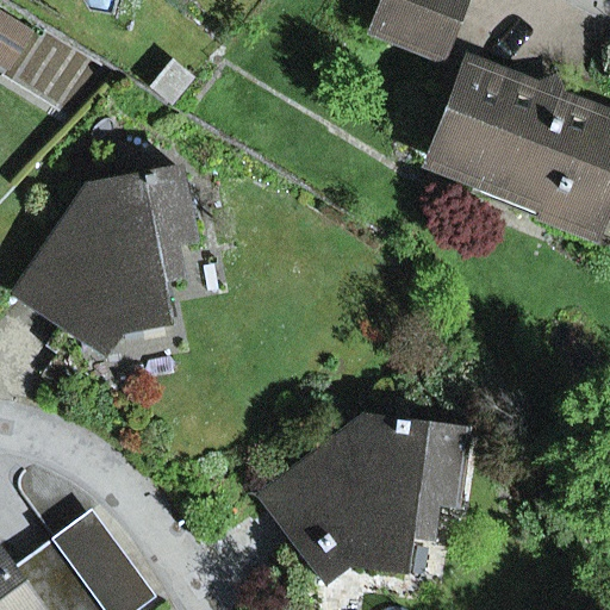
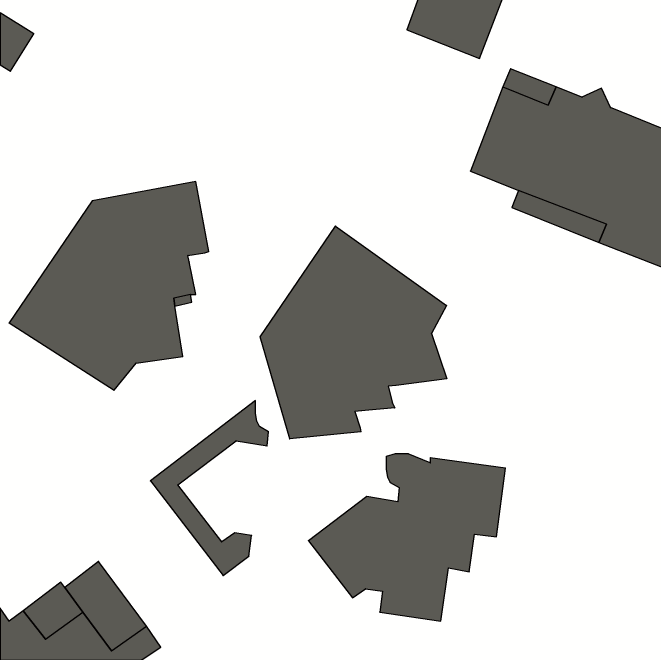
building: none -> [260,226,447,439]
building: [260,419,368,580] -> [150,401,268,576]

